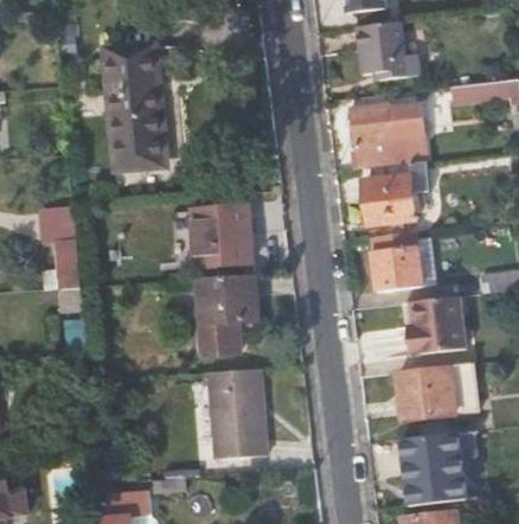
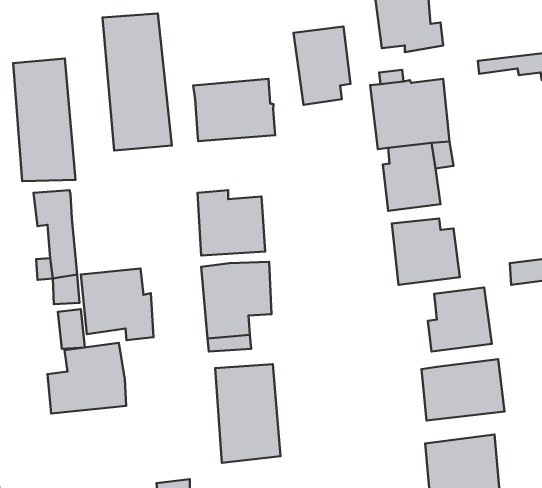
building: none -> [293,27,350,105]
building: none -> [13,58,75,181]
building: none -> [193,79,275,141]
building: none -> [81,269,153,340]
building: none -> [47,343,126,413]

